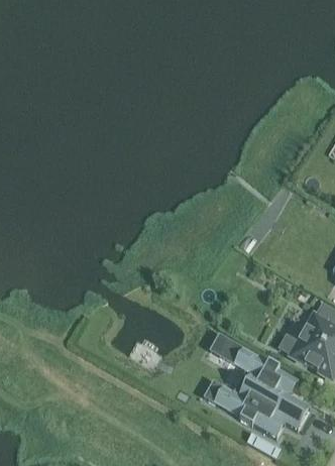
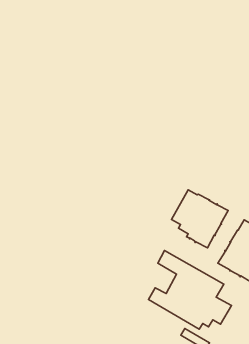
building: none -> [171,190,228,248]

